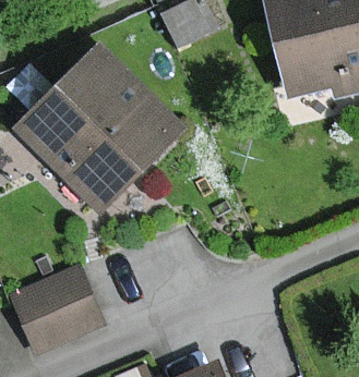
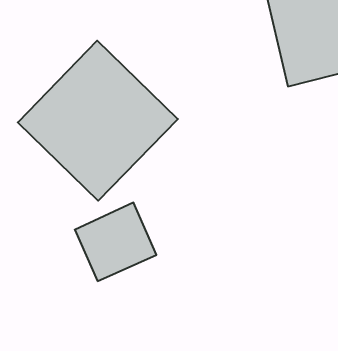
building: [14,269,96,348] -> [75,203,156,281]

